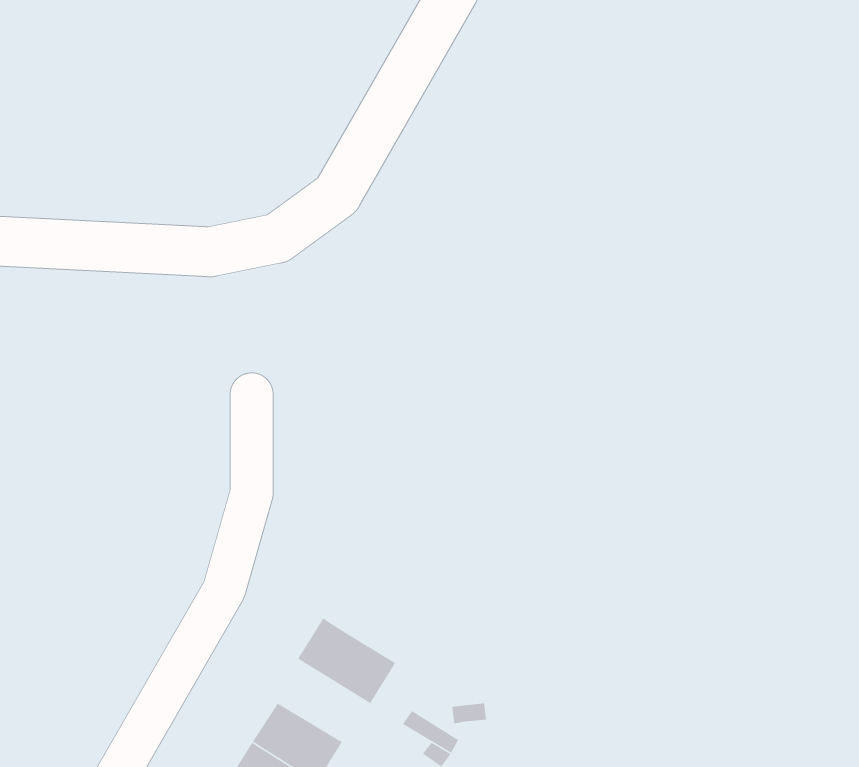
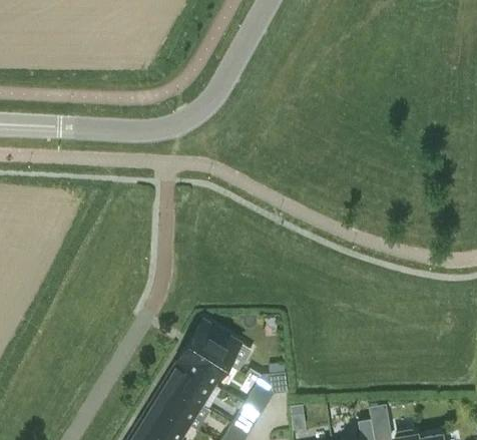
building: none -> [177,343,227,386]

